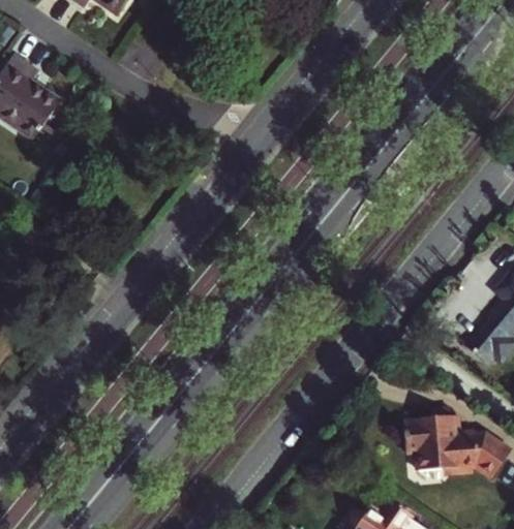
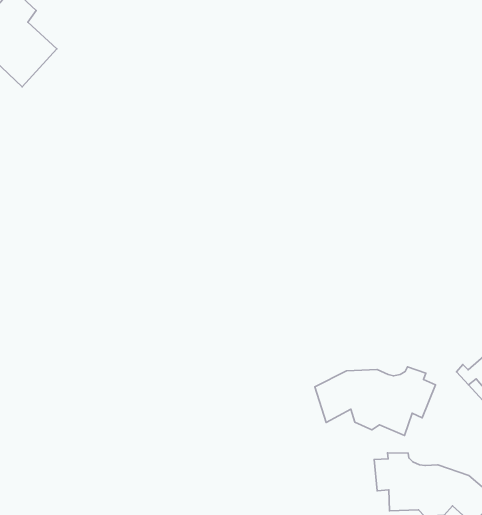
building: none -> [315,367,435,436]

